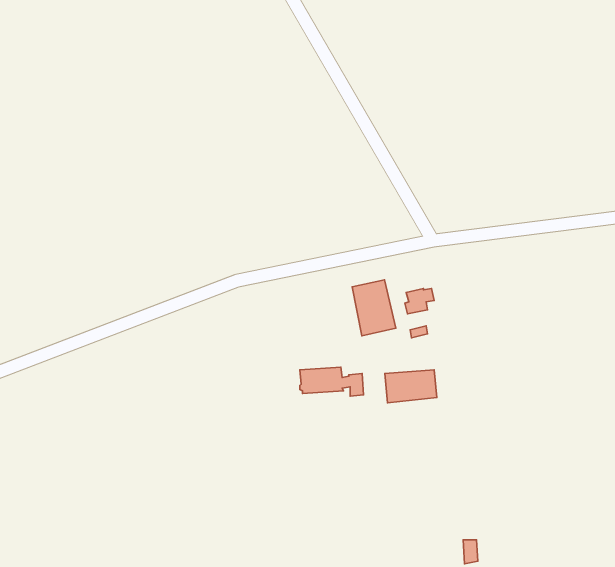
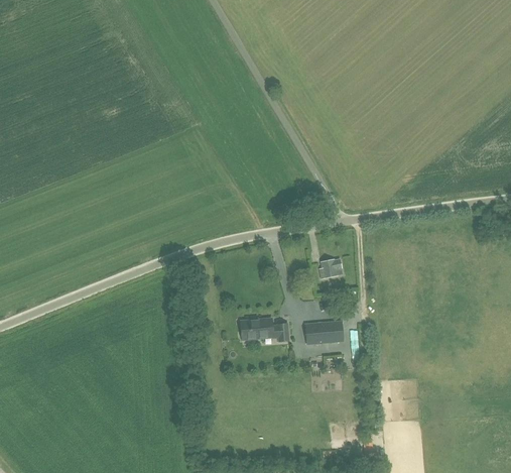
building: [352,280,396,336] -> none

